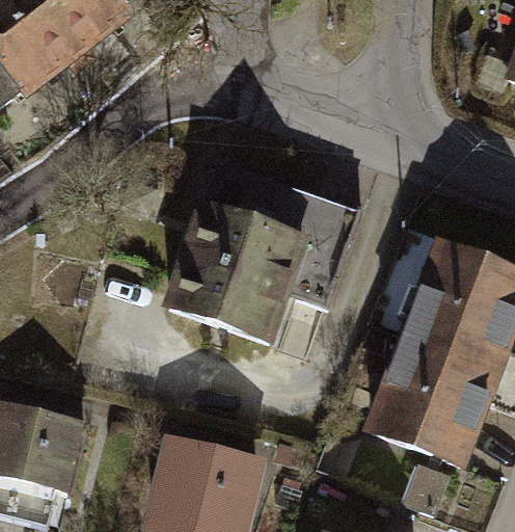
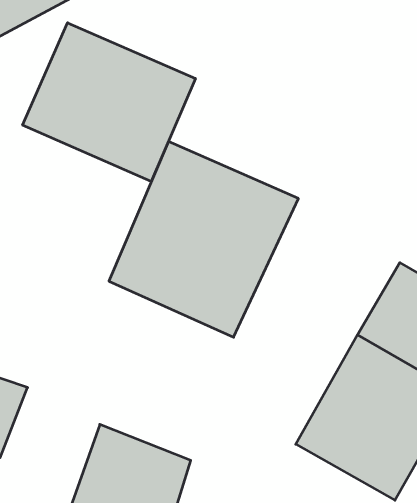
building: none -> [23,23,195,182]

